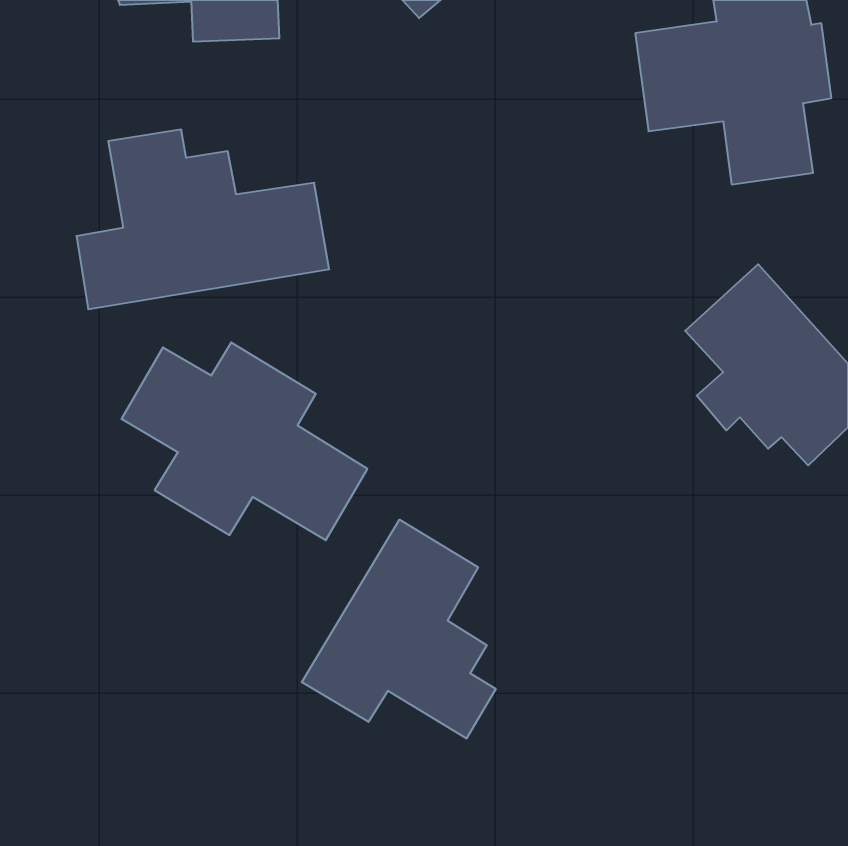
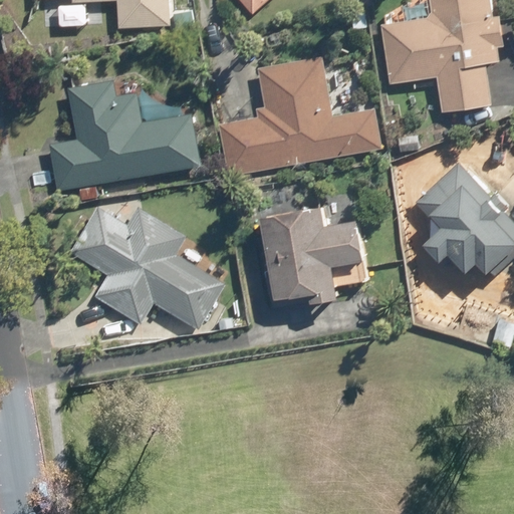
building: none -> [218,57,380,175]
building: none -> [258,207,366,301]
building: [302,520,496,739] -> none

